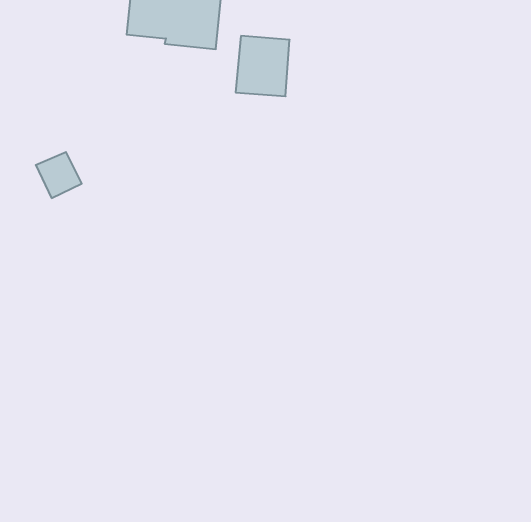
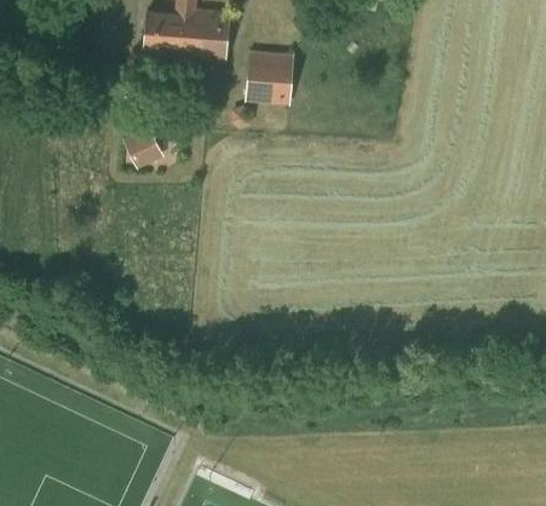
building: [36,152,82,198] -> [121,125,163,167]

